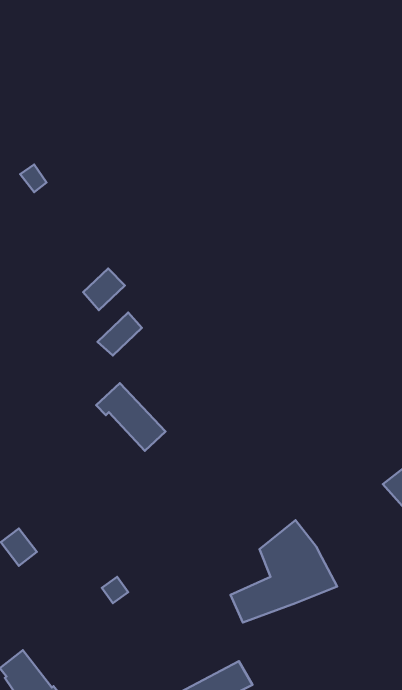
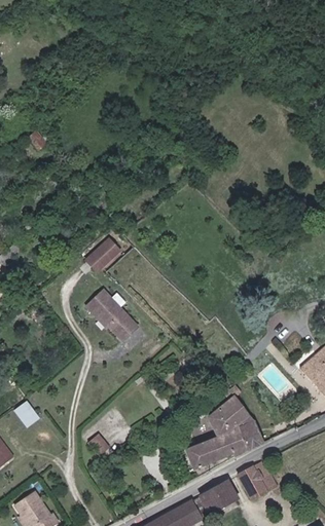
building: [83,268,125,310] -> none
building: none -> [238,462,276,499]
building: none -> [200,478,238,511]

